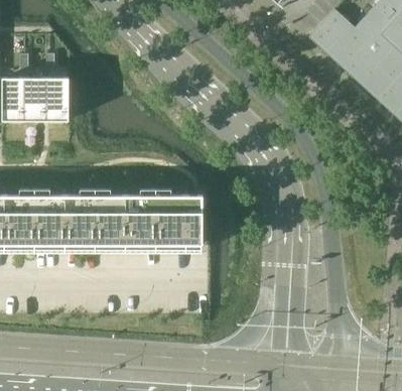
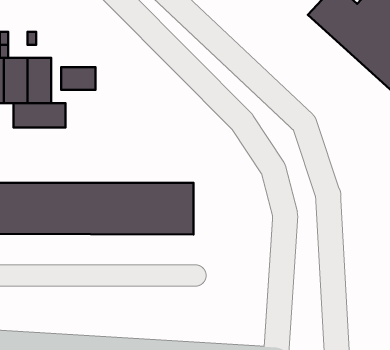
building: none -> [61,67,95,90]
building: none -> [14,103,66,128]

